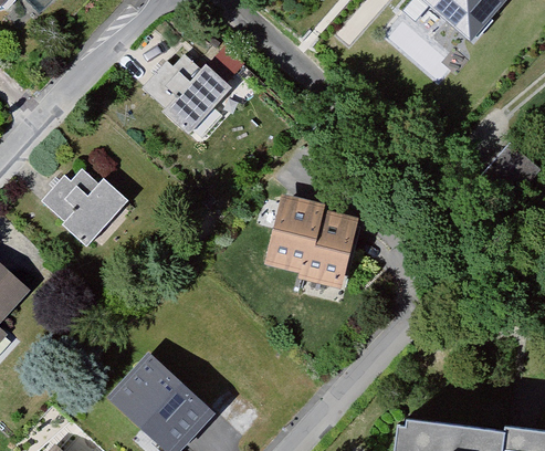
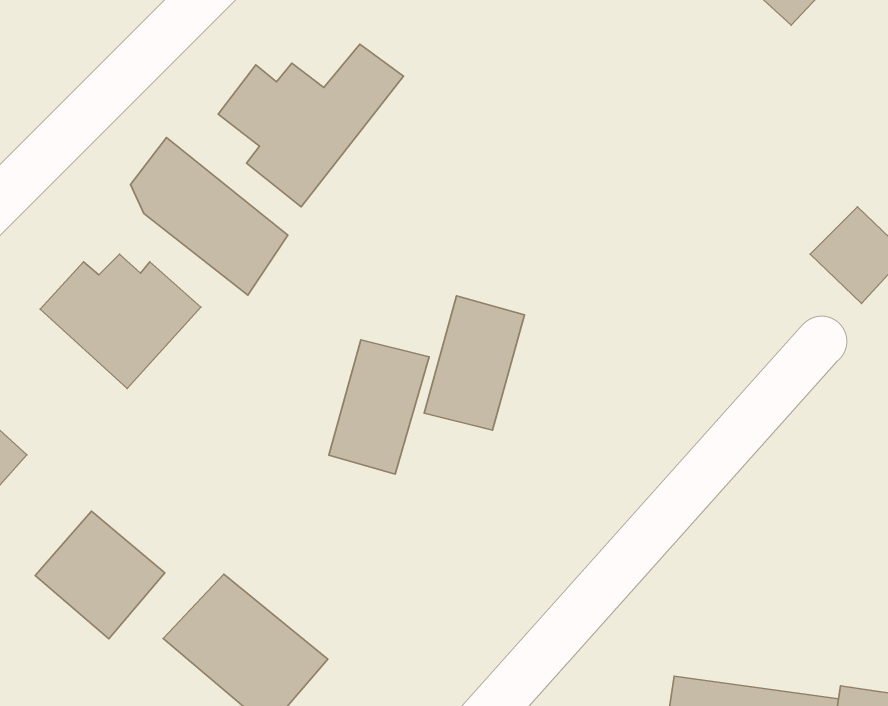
building: none -> [131,138,288,295]
building: [302,207,360,285] -> [329,340,429,474]
building: none -> [35,511,165,639]

